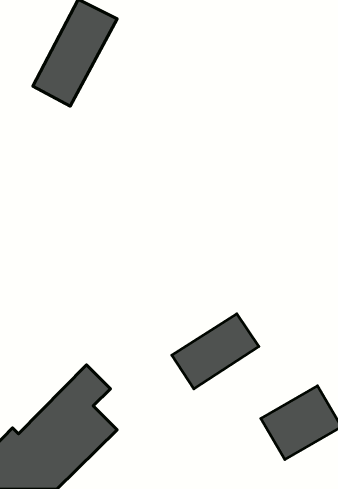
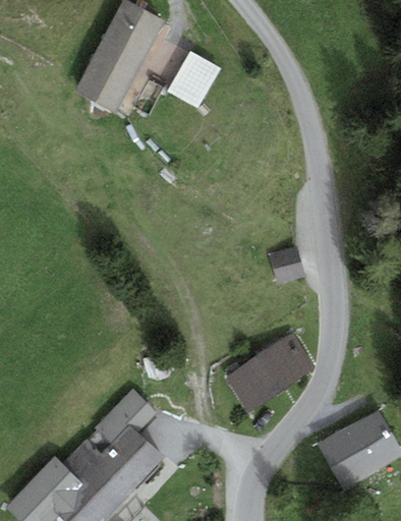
building: none -> [167,51,220,108]
building: none -> [267,246,304,285]

